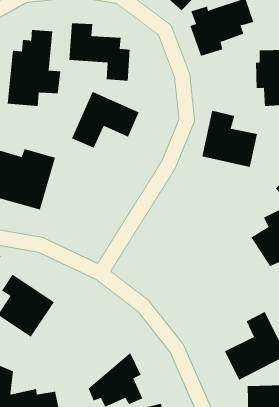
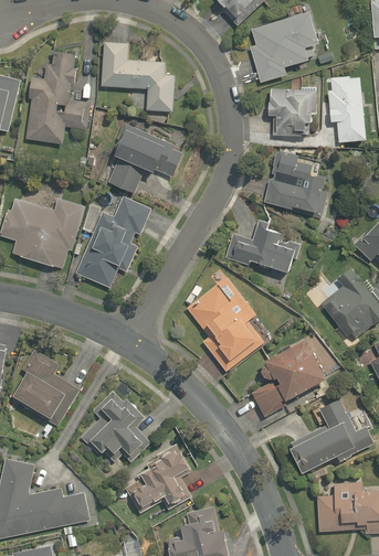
building: none -> [266,88,322,139]
building: none -> [73,196,151,291]
building: none -> [221,222,299,274]
building: none -> [177,277,267,376]
building: none -> [248,336,331,418]
building: none -> [77,387,160,462]

